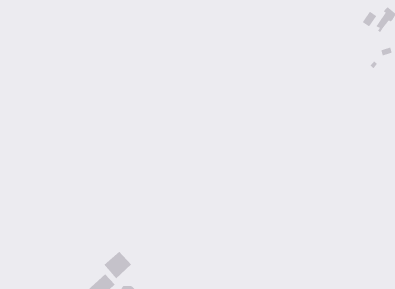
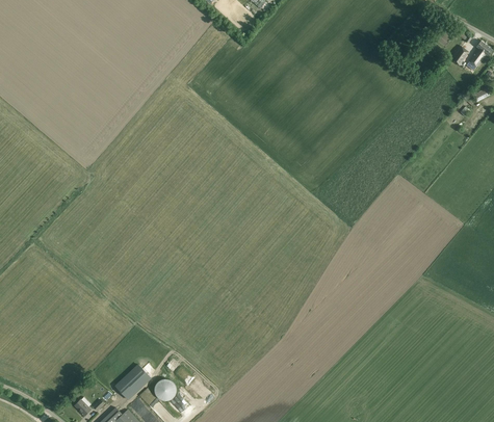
building: [104,251,132,279] -> none

